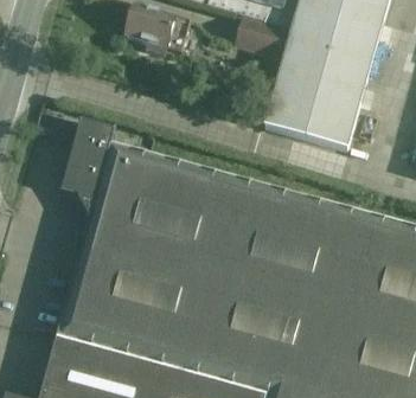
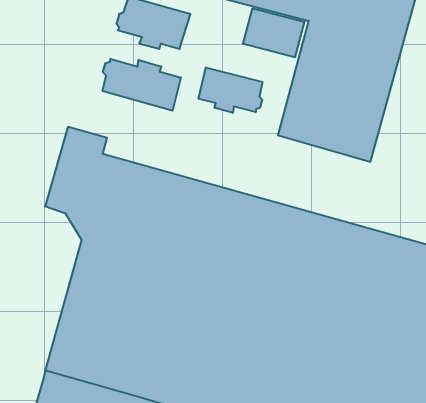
building: none -> [103,59,181,111]
building: none -> [199,67,262,113]

